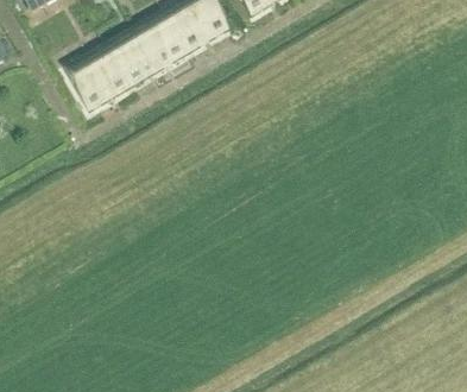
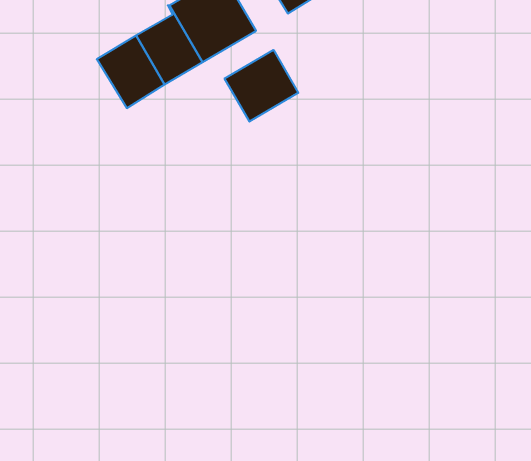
building: none -> [225,50,298,122]
building: [64,49,131,109] -> none

